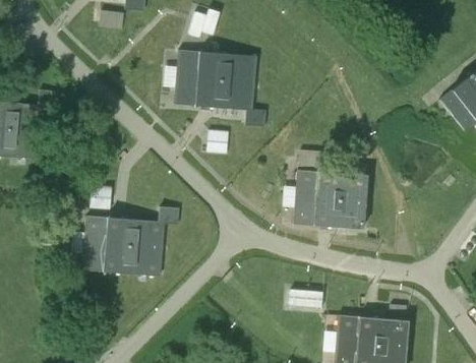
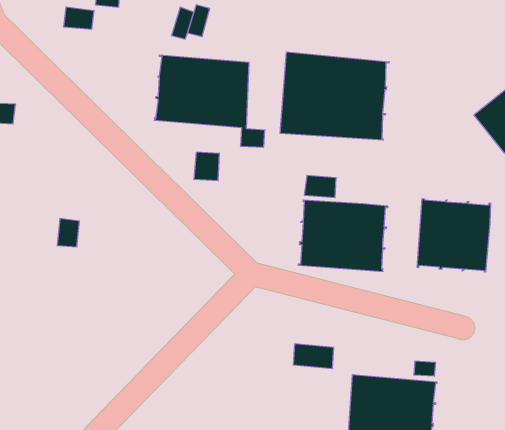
building: none -> [280,52,389,140]
building: none -> [417,199,491,272]
building: [82,205,179,276] -> none

